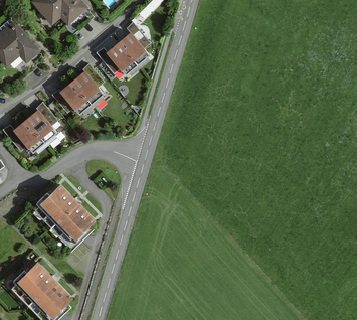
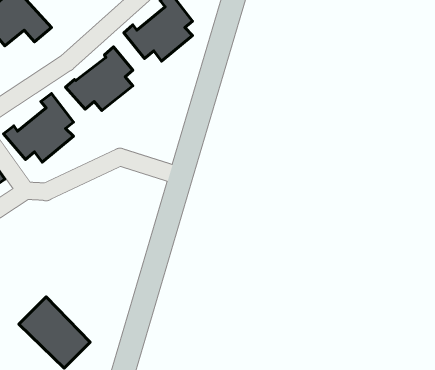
building: [37,183,93,238] -> none

